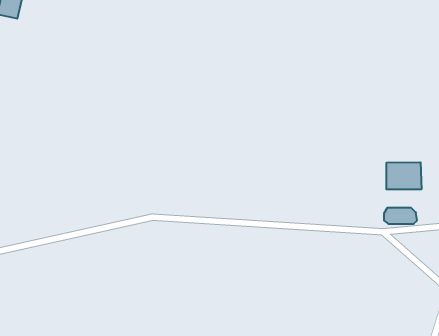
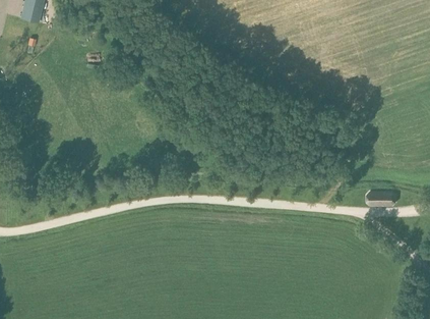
building: [386,162,421,189] -> none

